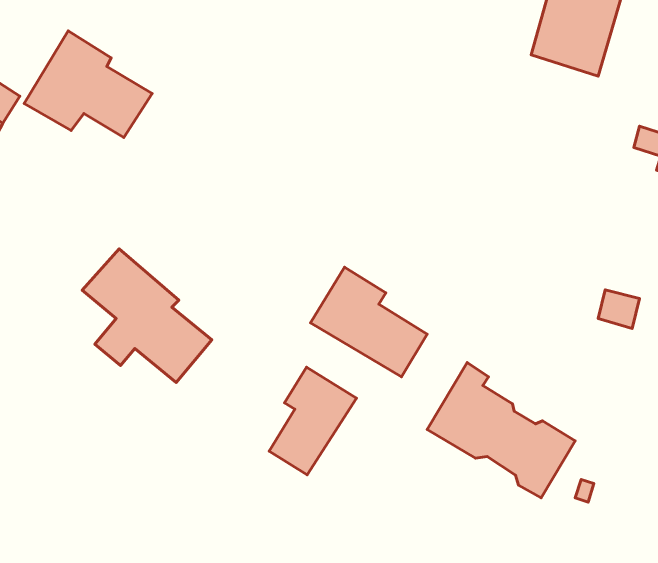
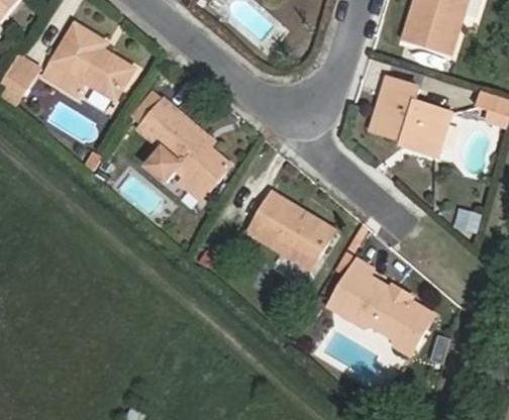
building: none -> [369,77,450,154]
building: [82,249,212,383] -> [137,99,229,194]
building: [269,367,356,475] -> none

